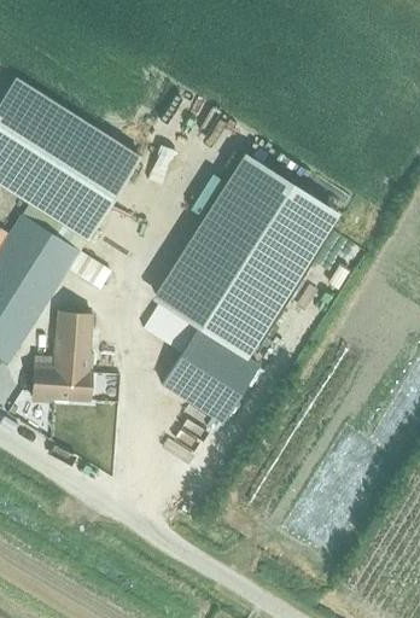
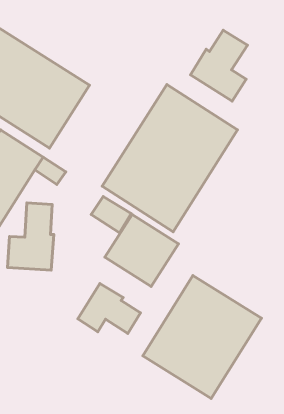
building: none -> [191,30,247,101]
building: none -> [143,276,262,398]
building: none -> [78,284,141,334]

